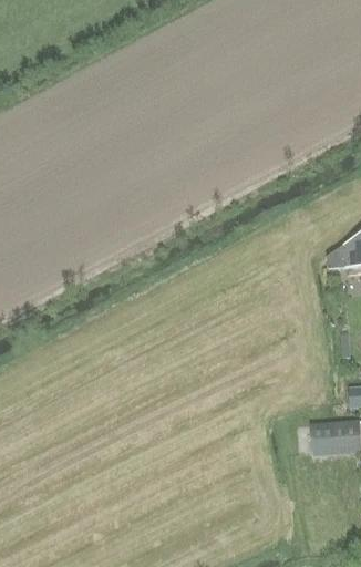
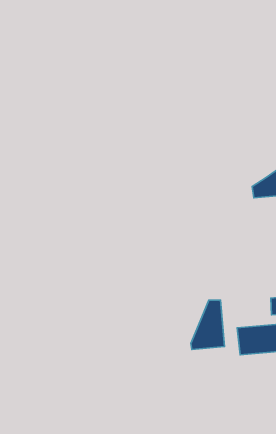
building: none -> [191,300,225,349]

